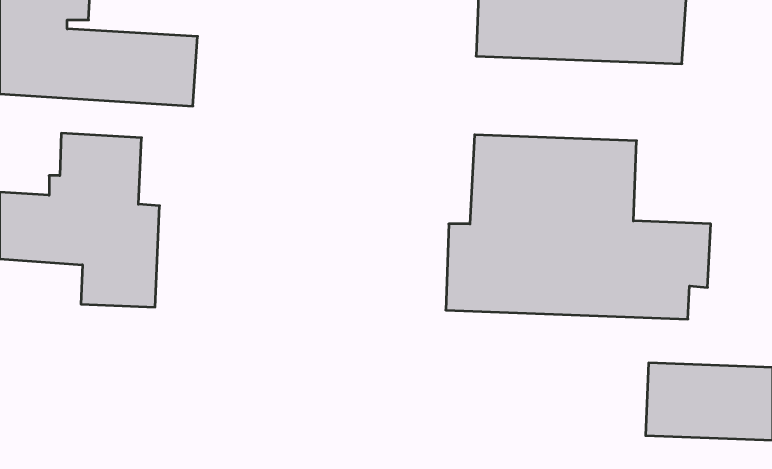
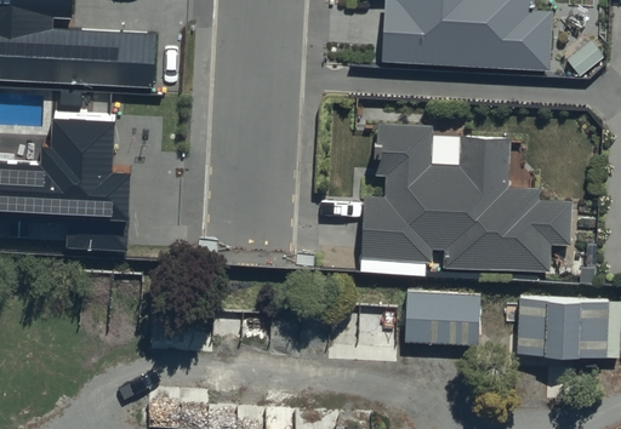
building: none -> [404,294,478,348]

